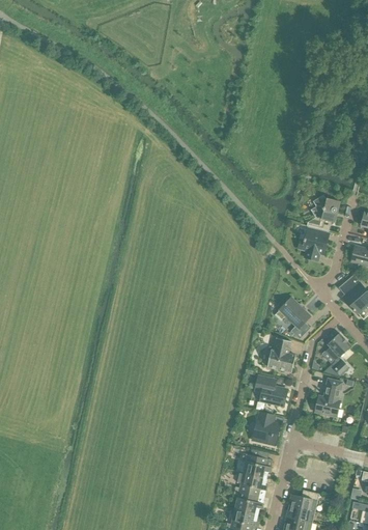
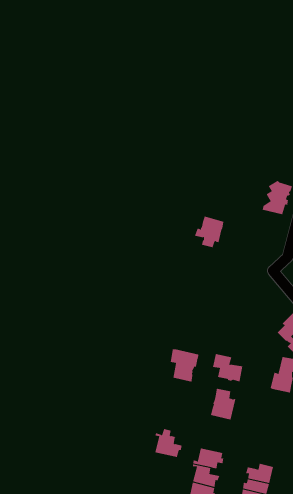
building: [296,227,329,260] -> [194,216,225,248]
building: [274,298,309,339] -> none
building: [266,337,294,372] -> none
building: none -> [170,348,200,383]
building: [242,449,271,479] -> [155,429,182,457]

